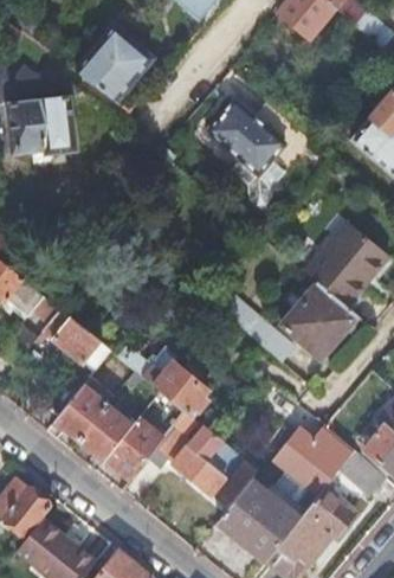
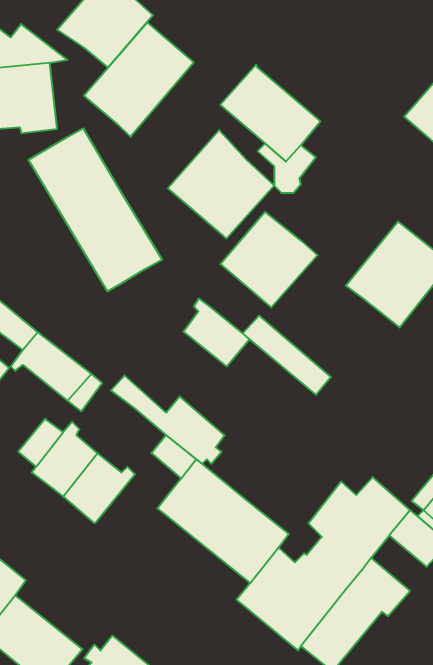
building: none -> [84,22,194,137]
building: none -> [29,128,162,291]
building: none -> [168,130,274,239]
building: [282,283,359,359] -> [220,212,318,308]
building: none -> [183,298,250,366]
building: [106,419,163,480] -> none

